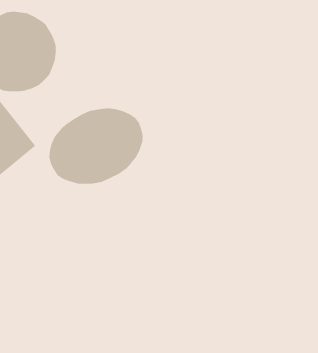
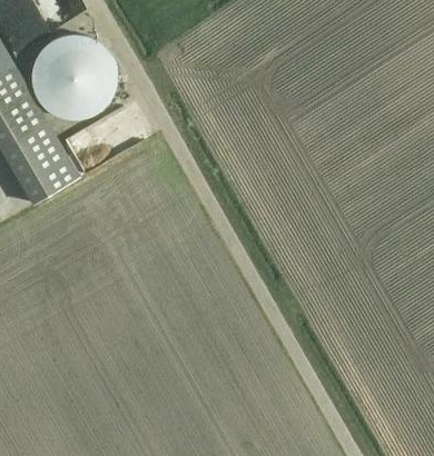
building: [48,108,144,185] -> none

